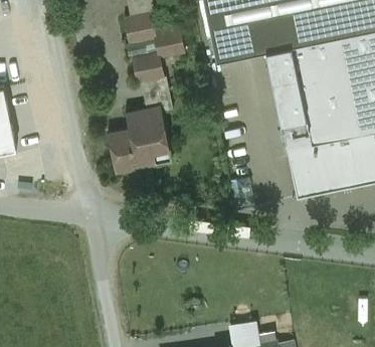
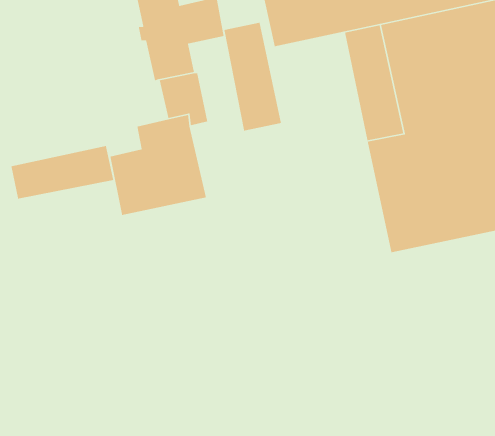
building: none -> [223,22,282,132]
building: none -> [10,145,114,200]

